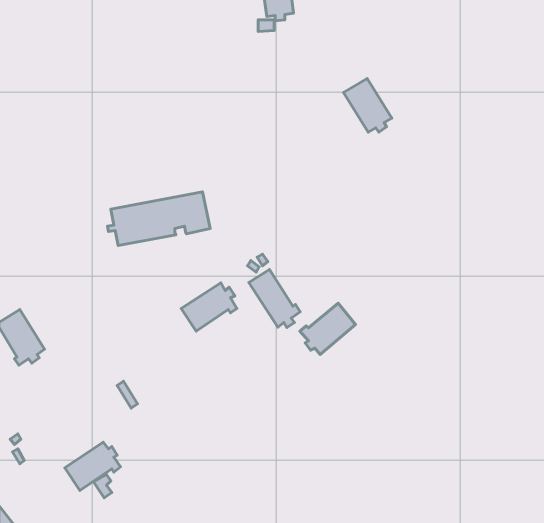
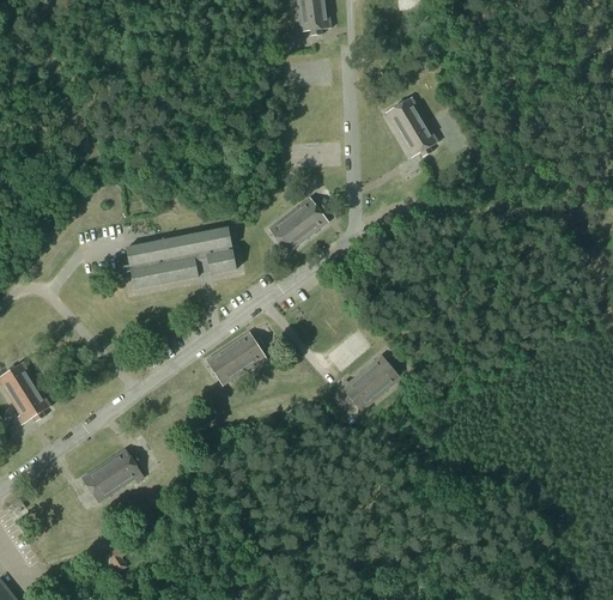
building: none -> [268,200,329,255]
building: [249,269,300,328] -> none
building: [65,442,120,490] -> [80,448,142,502]

